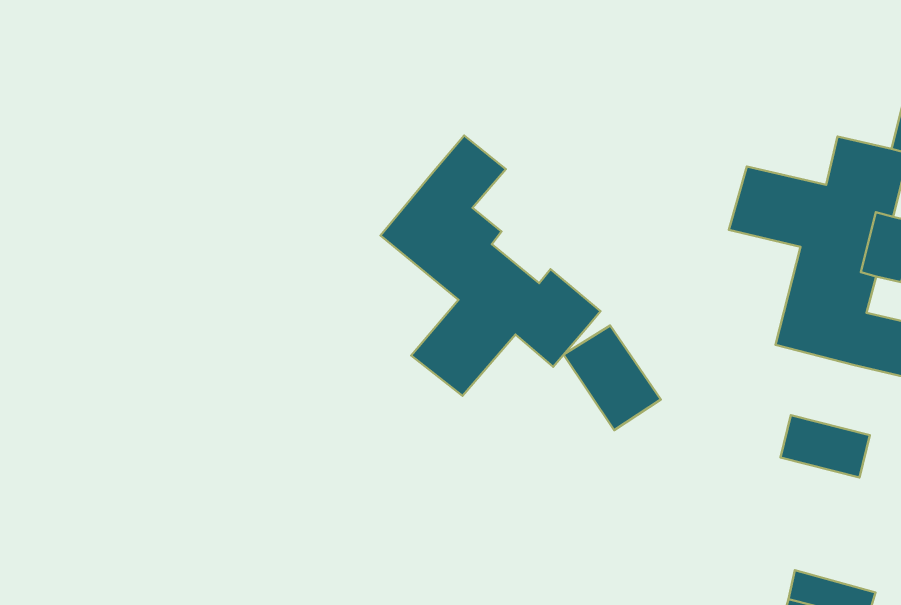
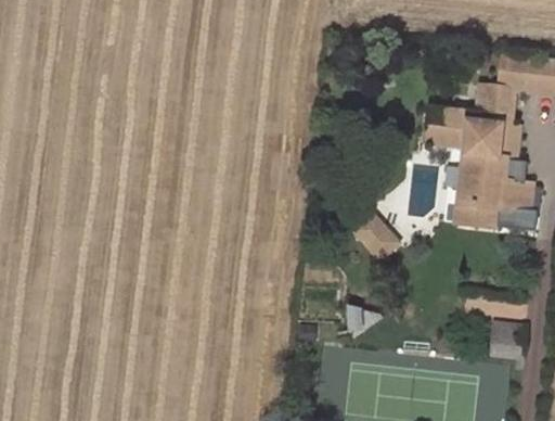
building: [381,136,600,396] -> none
building: [780,415,870,478] -> [455,202,502,230]

